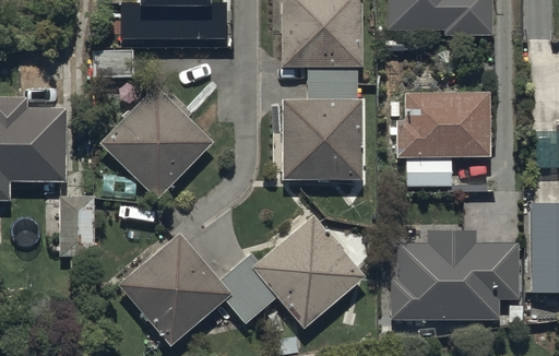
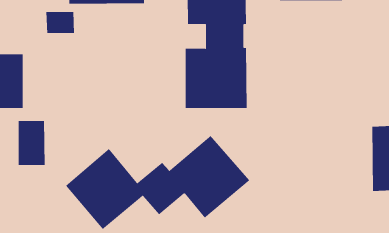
building: [100,86,212,198] -> none
building: [395,92,489,159] -> none
building: [385,229,518,316] -> none

